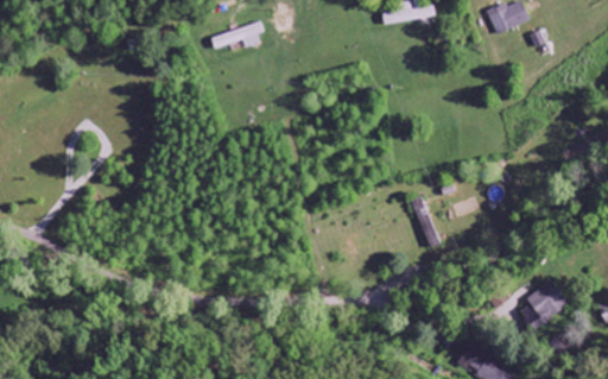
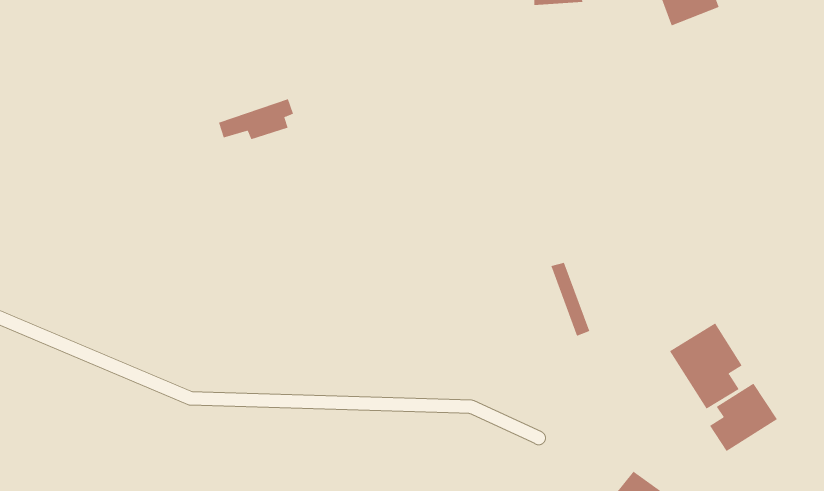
building: [210,21,262,50] -> [218,98,294,140]
building: none -> [669,323,743,409]

